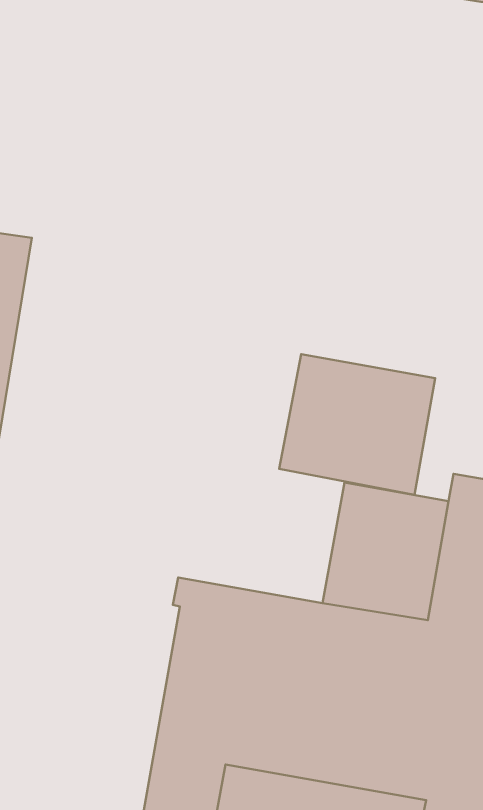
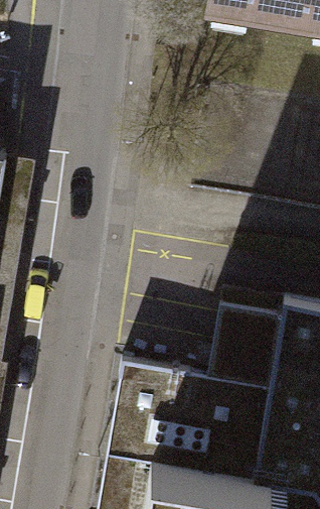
building: [279,354,435,495] -> none

